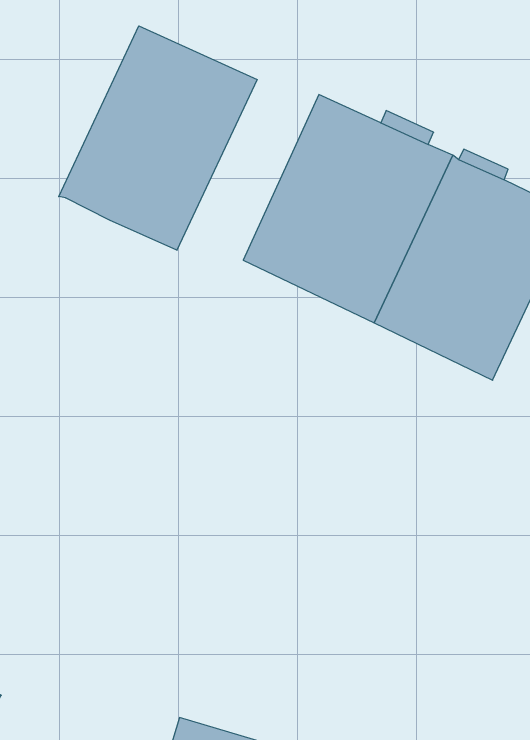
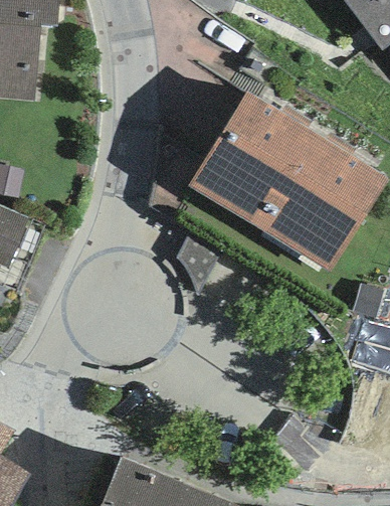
building: [59,26,257,250] -> none

